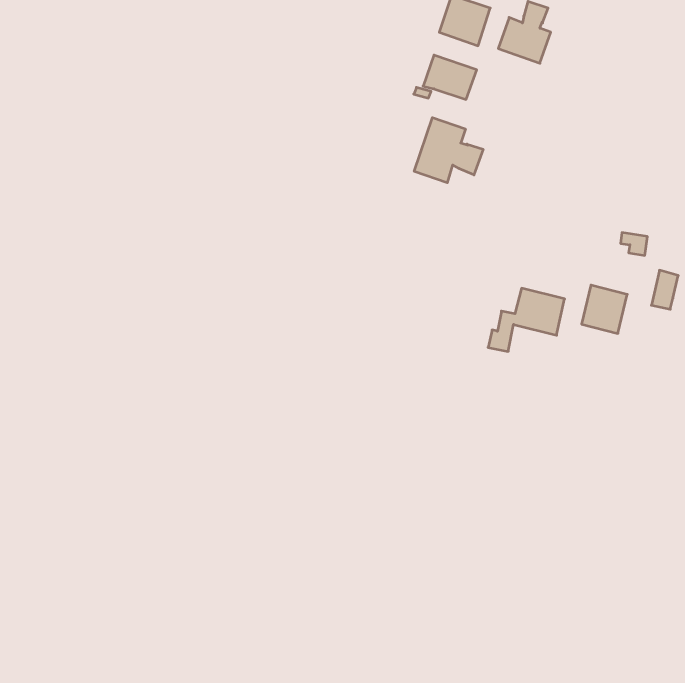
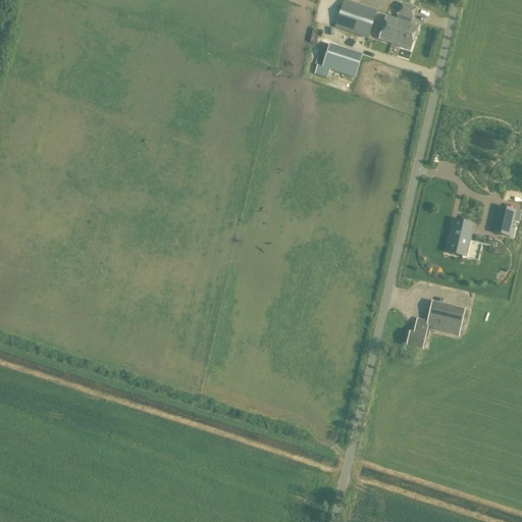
building: [414,118,483,183] -> none
building: [488,288,565,351] -> [406,299,464,347]

